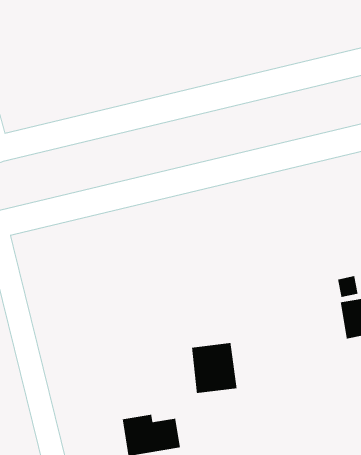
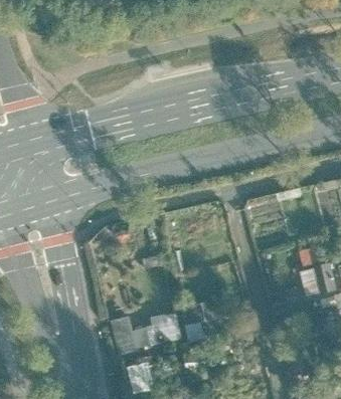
building: none -> [111,313,181,353]

